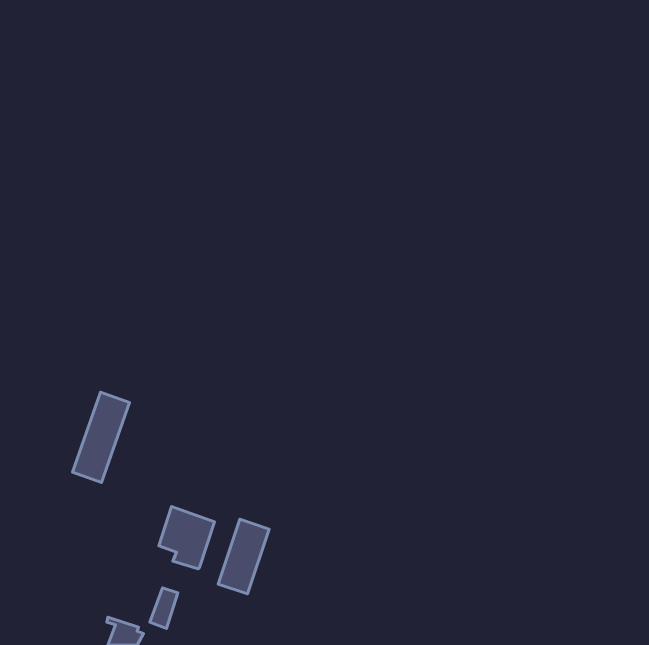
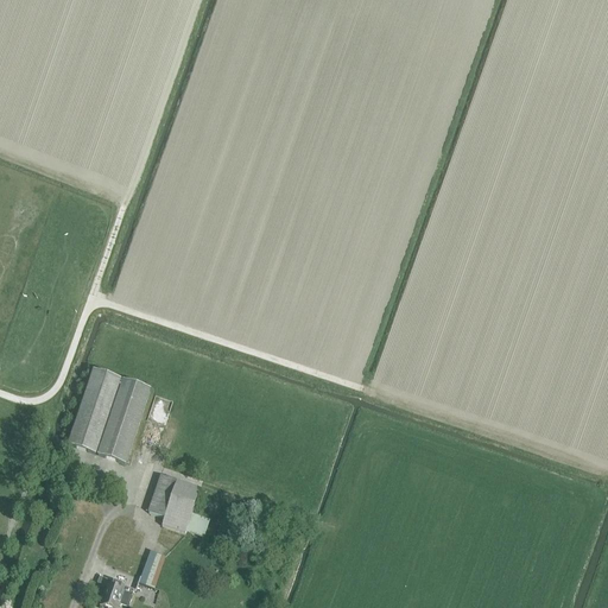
building: none -> [97,376,151,461]
building: [218,519,269,594] -> none

